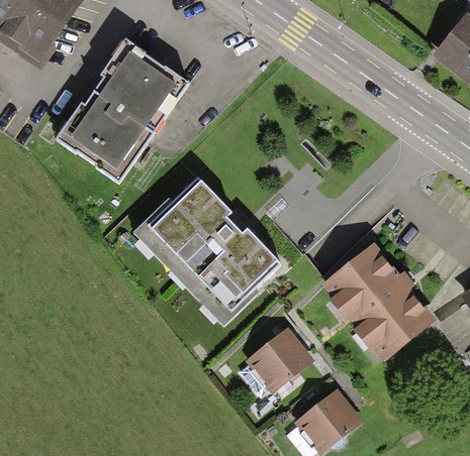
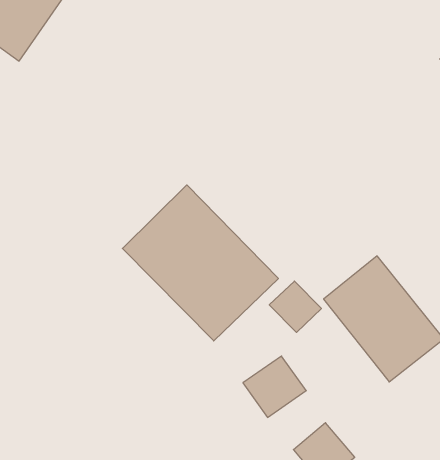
building: [55,40,184,181] -> none
building: none -> [269,281,321,332]

